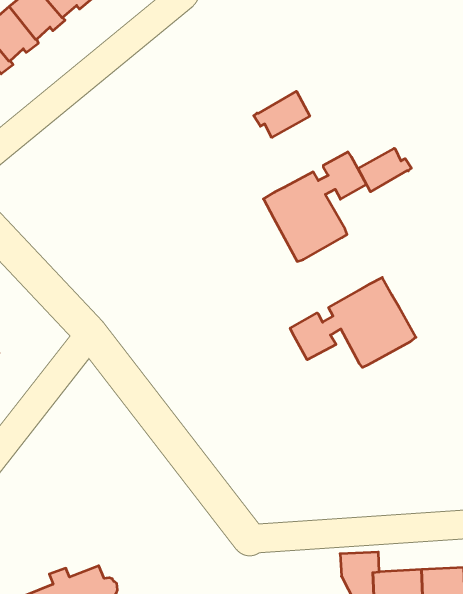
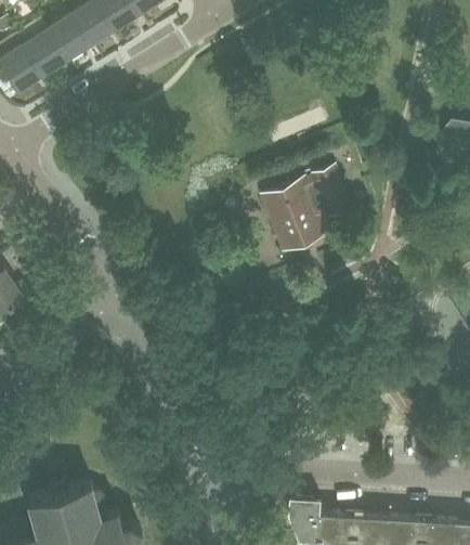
building: [254,91,310,137] -> none
building: [358,148,411,192] -> none
building: [290,277,416,367] -> none

